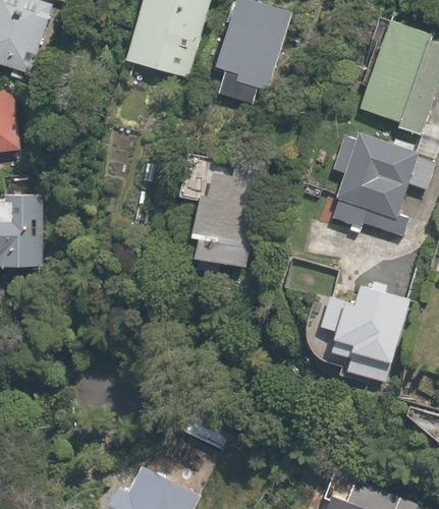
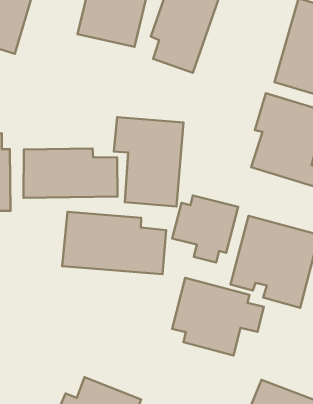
building: none -> [24,149,118,198]
building: none -> [172,196,238,262]
building: none -> [62,212,166,274]
building: none -> [172,278,264,356]

